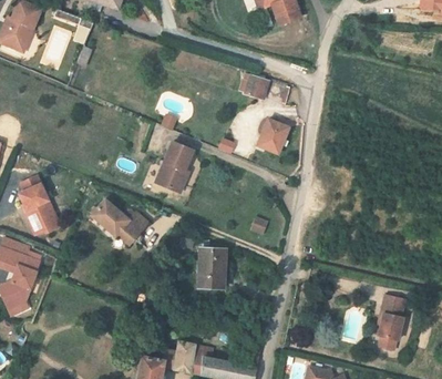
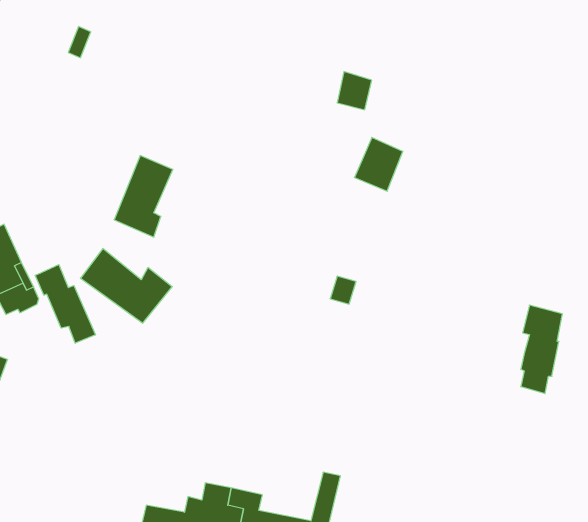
building: [158,143,196,195] -> [114,156,173,237]
building: none -> [35,265,95,343]
building: [199,249,224,288] -> none
building: [378,293,404,349] -> [521,305,562,394]

